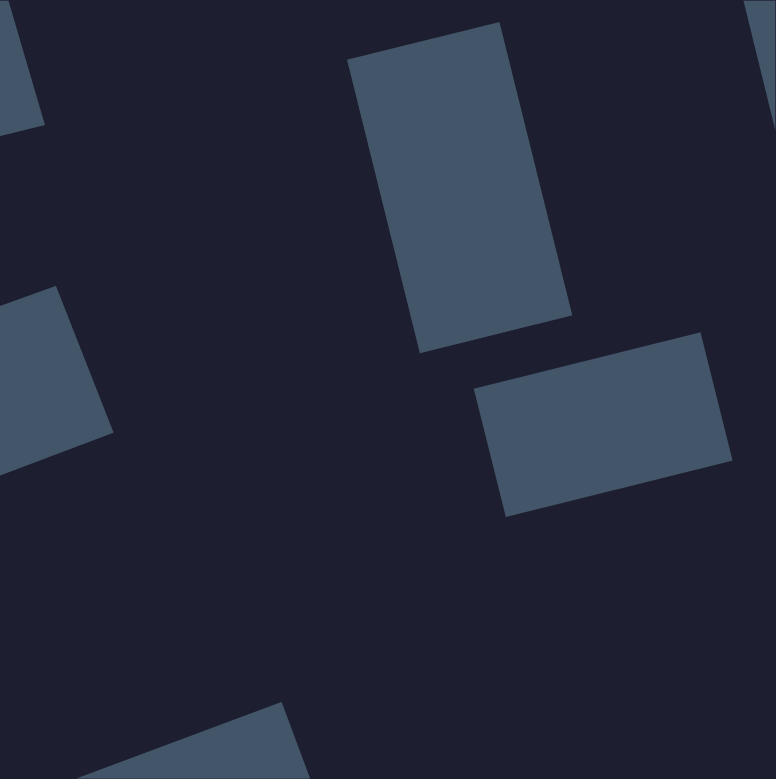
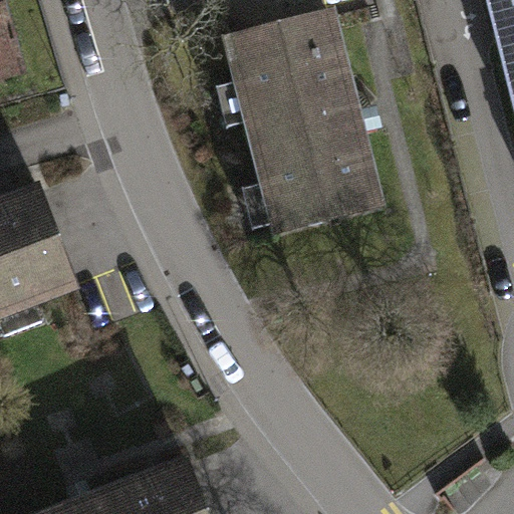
building: [473,331,733,518] -> none

